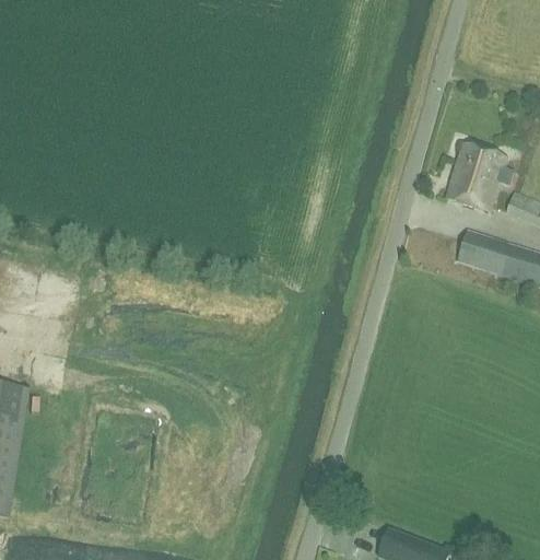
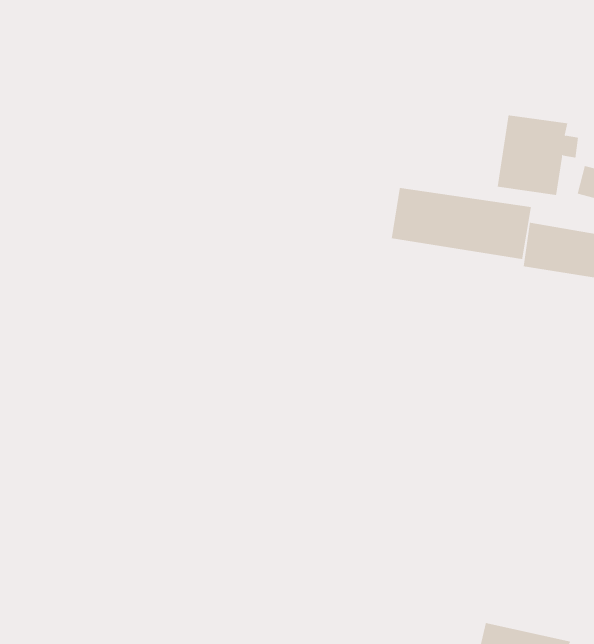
building: none -> [391,187,532,260]

